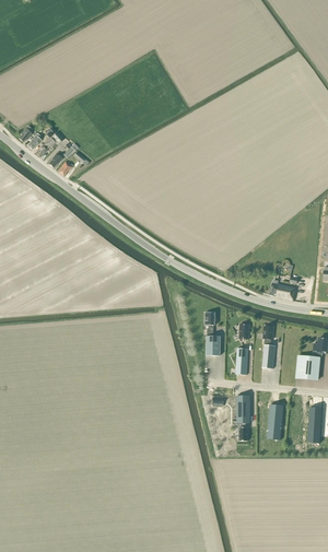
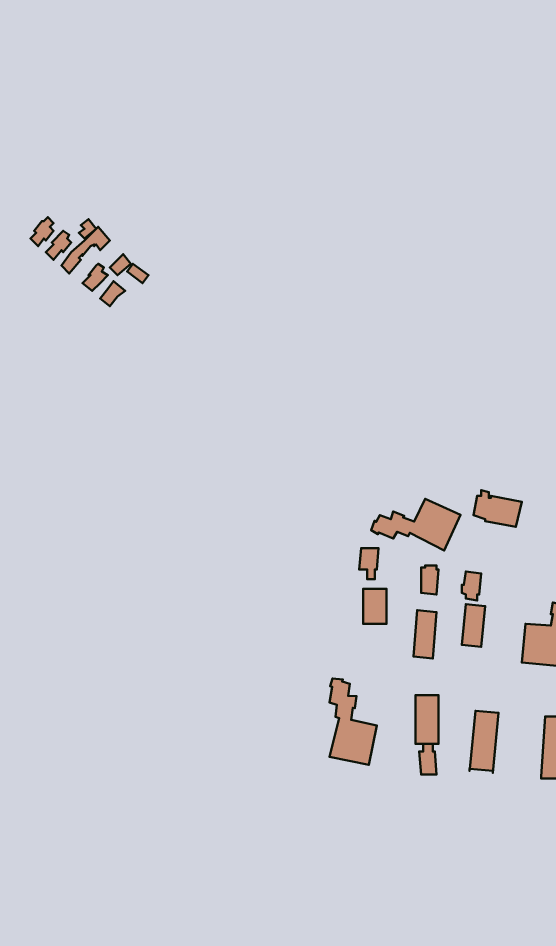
building: none -> [371,499,460,550]
building: none -> [329,679,377,765]

